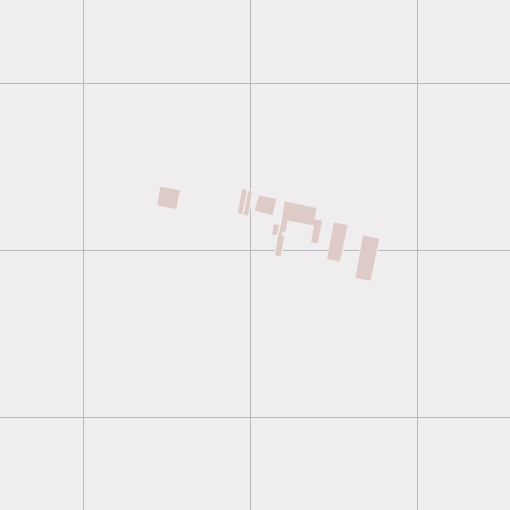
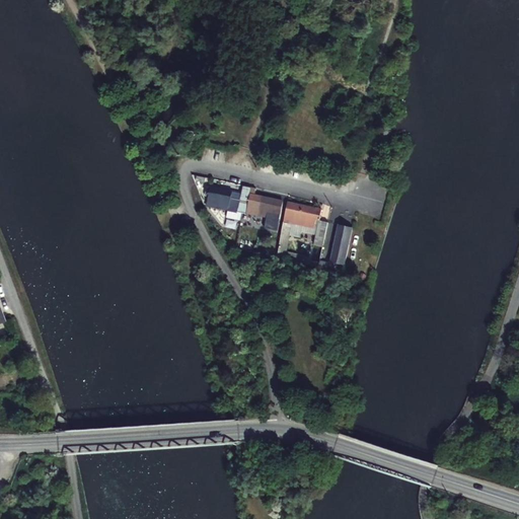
building: [157,186,181,209] -> [206,190,230,213]
building: [355,235,380,281] -> none

